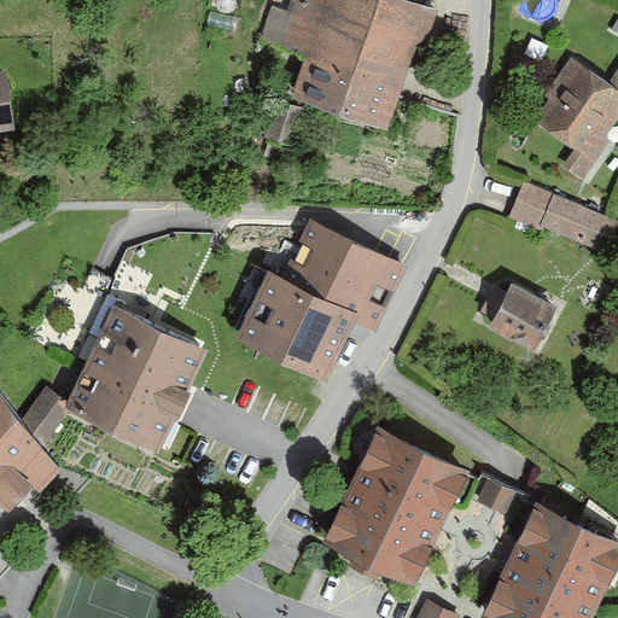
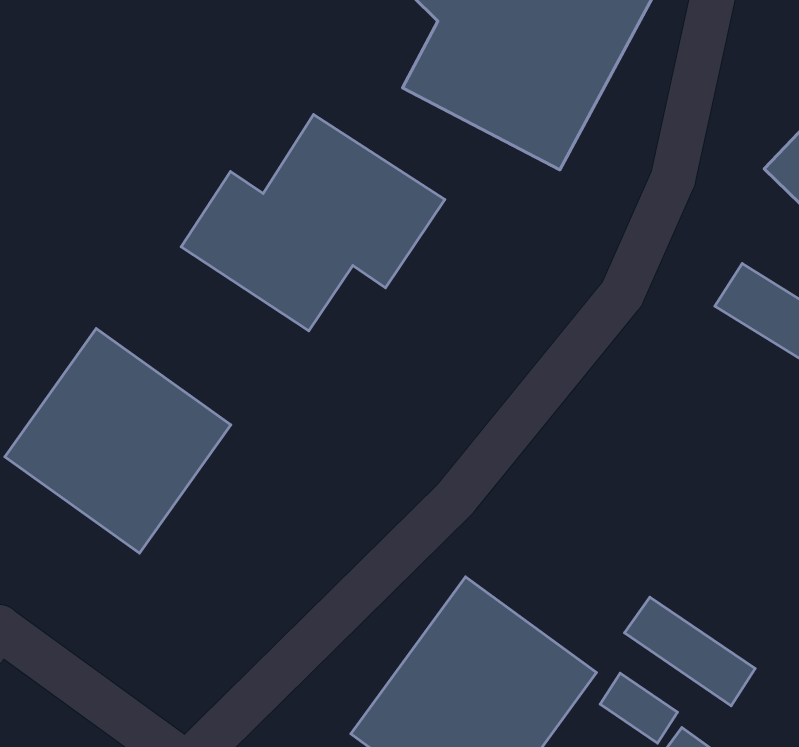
building: [234,231,403,374] -> [181,115,445,331]
building: [489,280,550,343] -> none
building: none -> [625,597,755,706]

